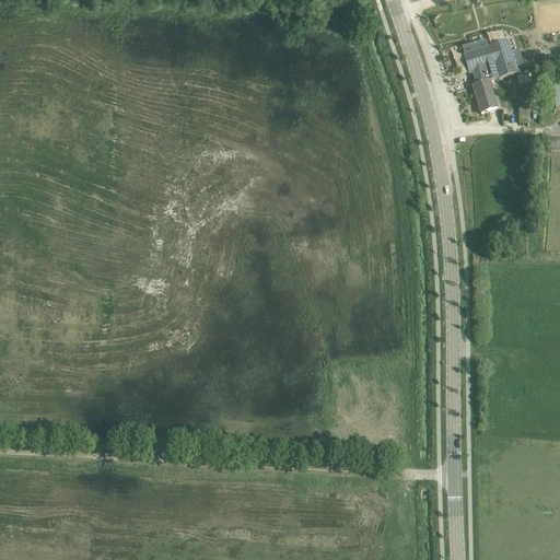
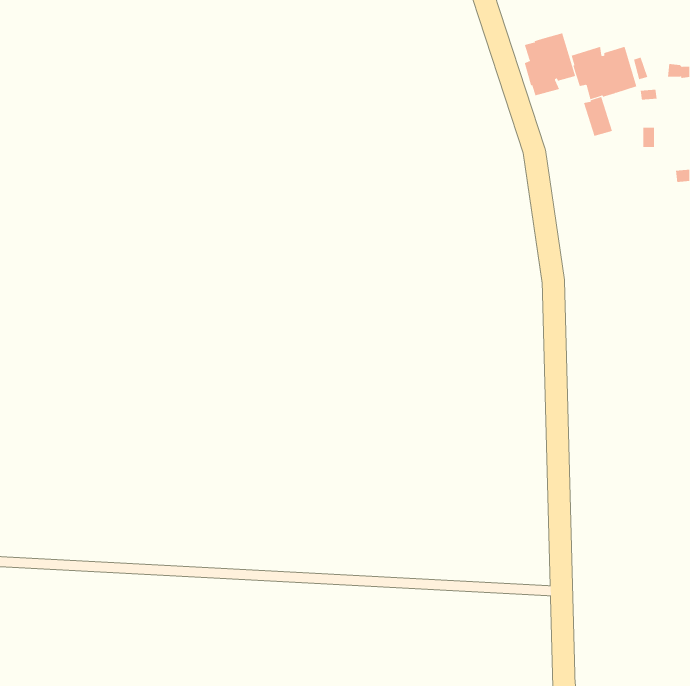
building: none -> [524,32,576,96]

